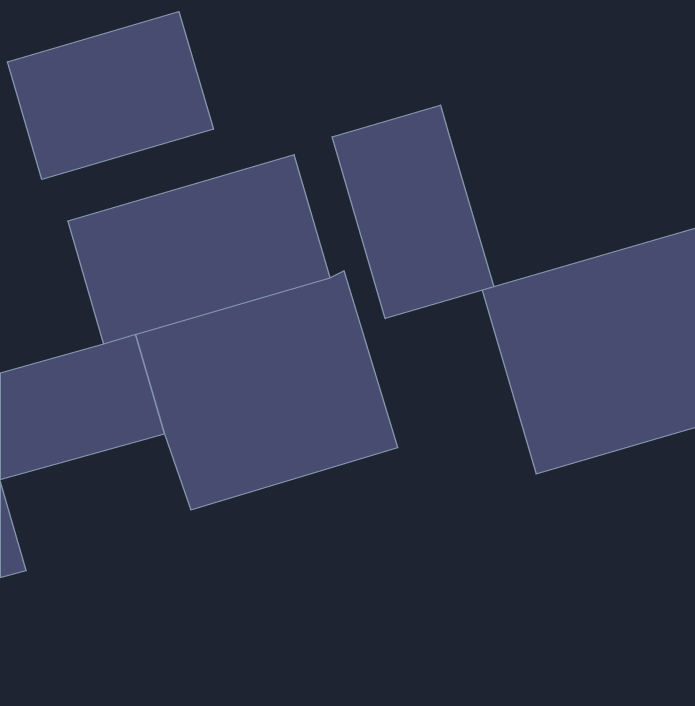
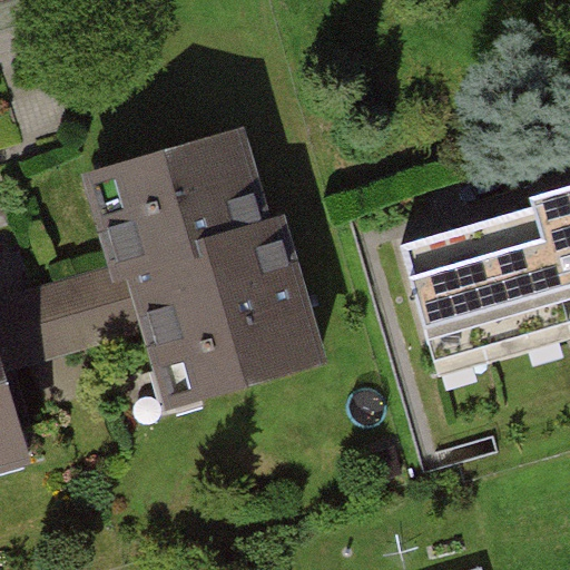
building: [7,12,213,179] -> none
building: [332,105,494,319] -> none

